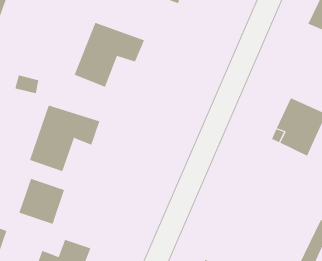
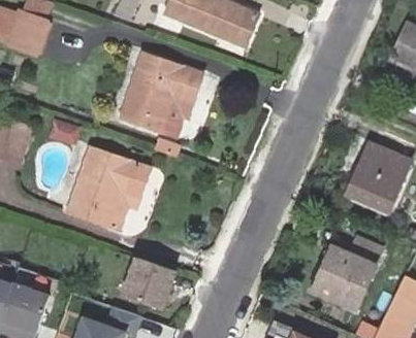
building: none -> [158,96,192,137]
building: [19,178,65,225] -> [123,255,175,307]
building: none -> [312,245,375,307]

